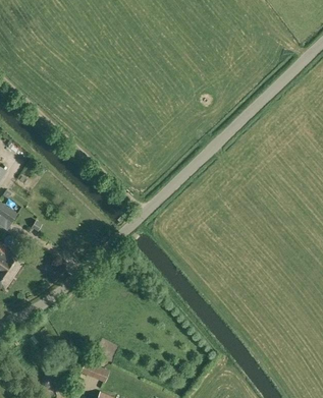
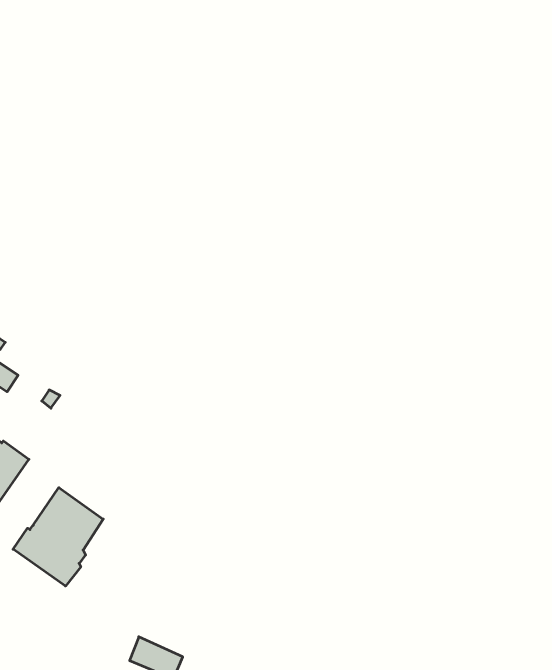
building: none -> [13,488,103,586]

